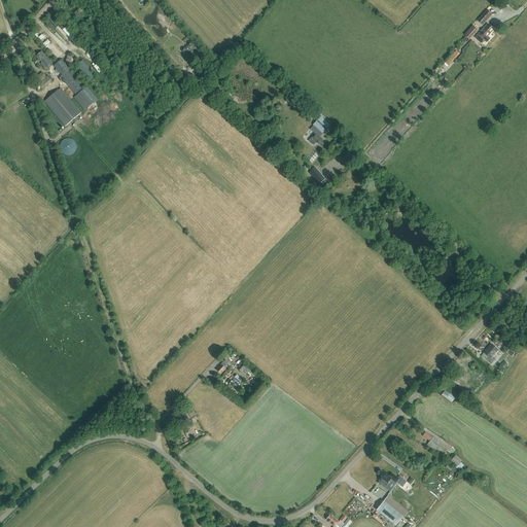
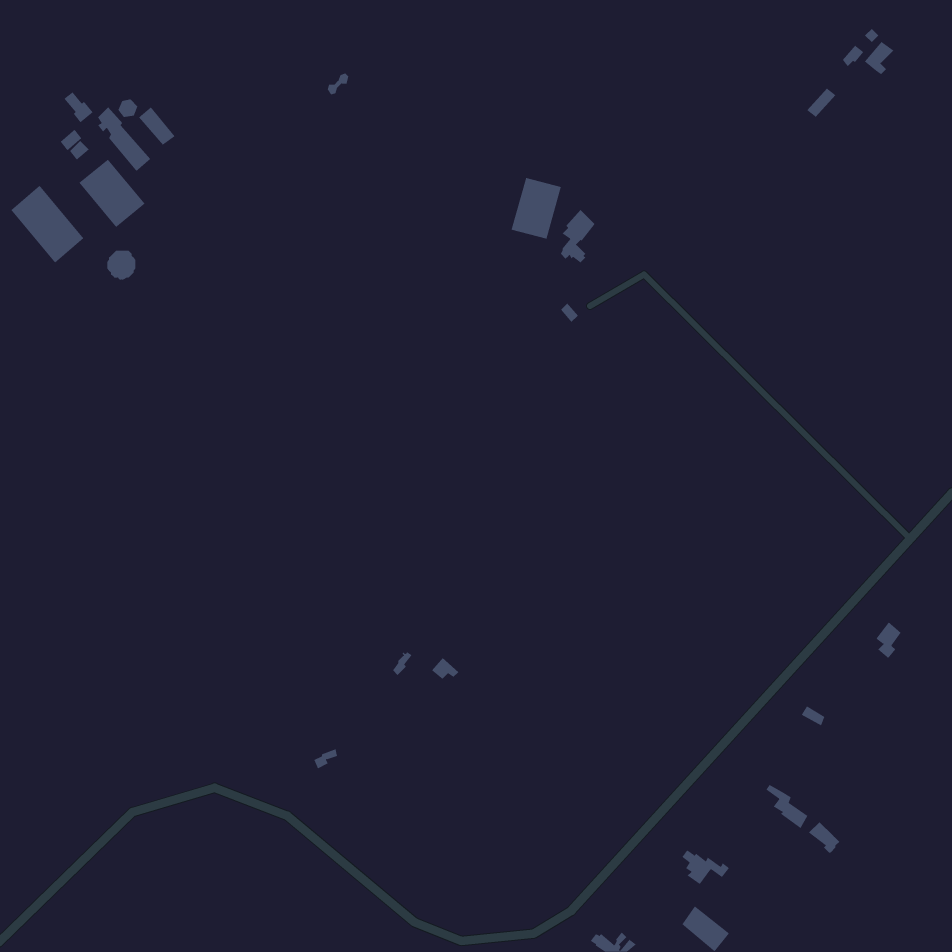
building: none -> [511,177,561,239]
building: none -> [10,185,84,263]

